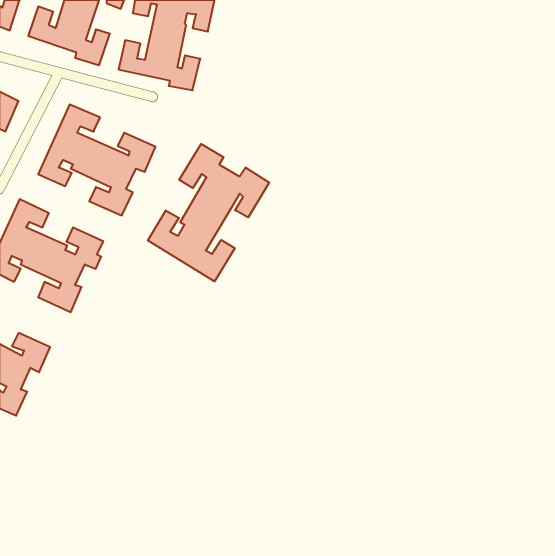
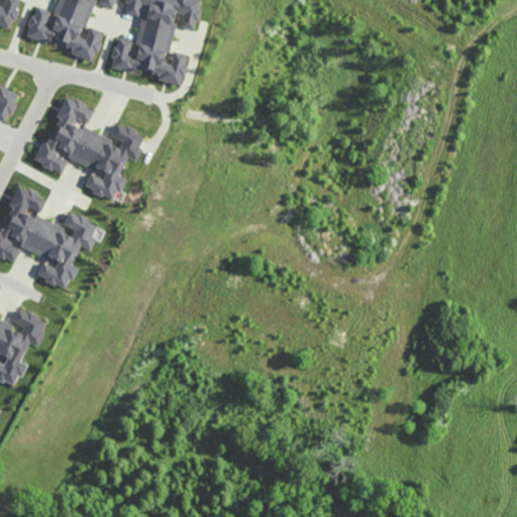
building: [148,144,269,281] -> none

